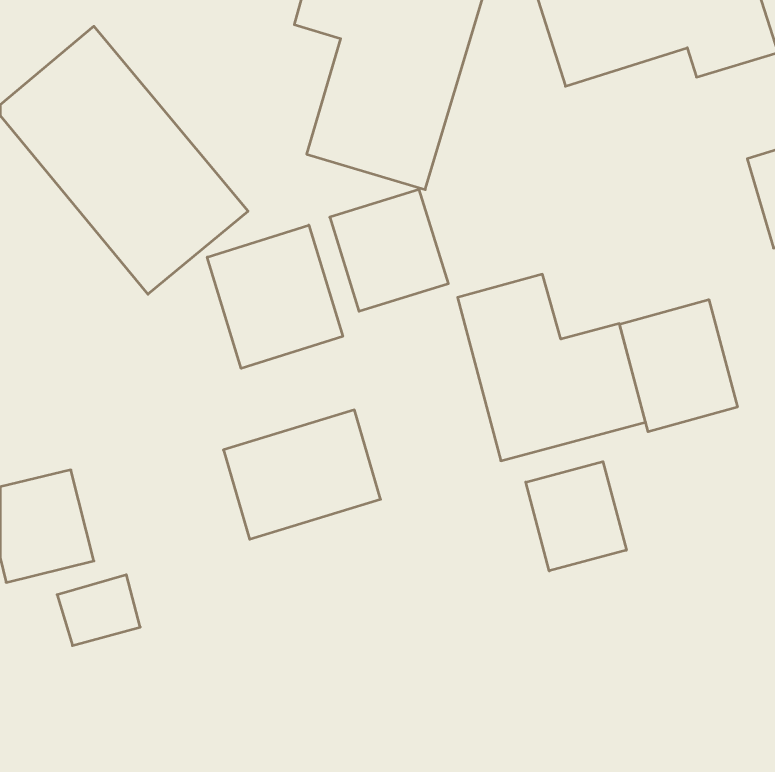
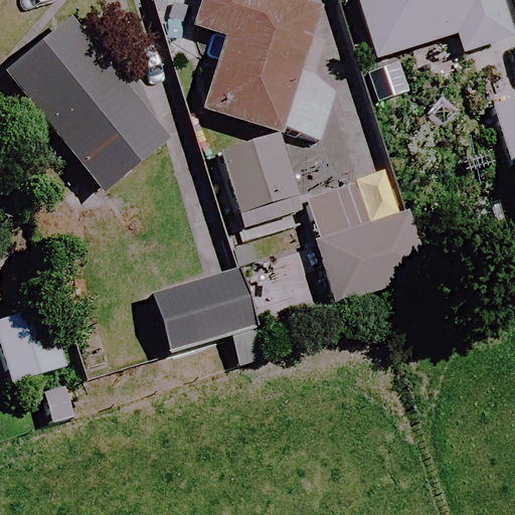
building: [207,225,343,368] -> none
building: [620,300,737,432] -> none
building: [526,462,626,571] -> none

